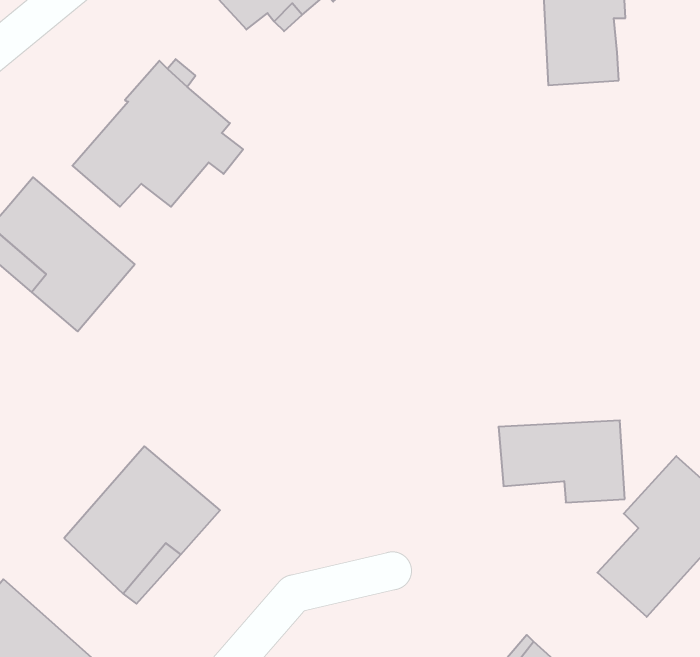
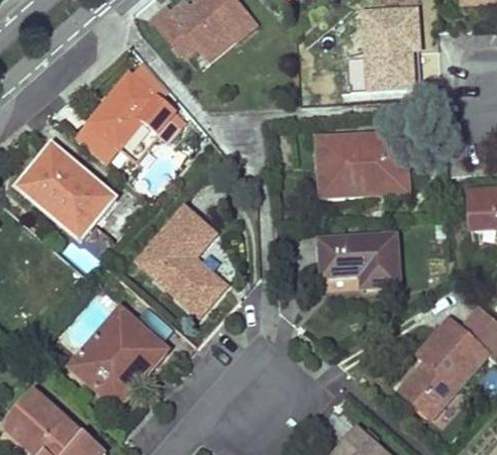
building: none -> [318,132,407,195]
building: none -> [138,207,224,312]
building: [498,420,625,502] -> [320,233,398,283]

